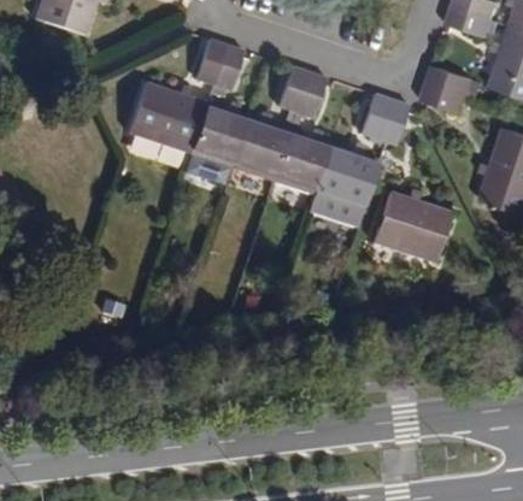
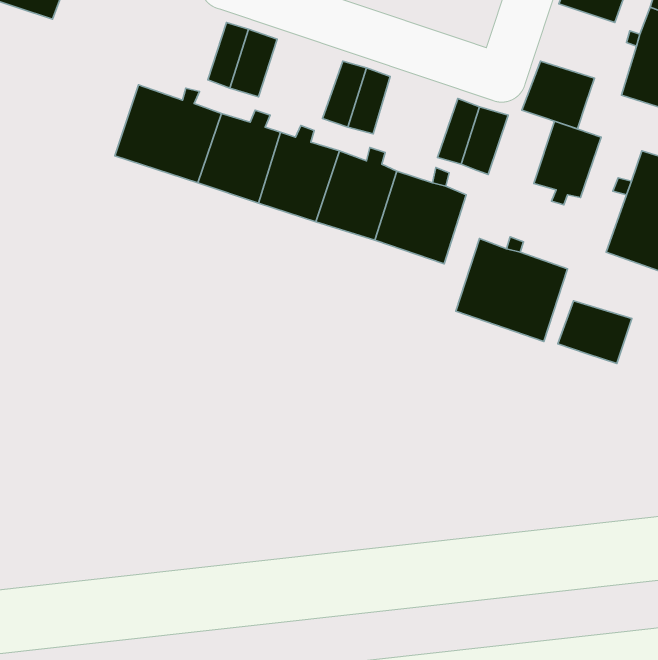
building: none -> [534,121,601,205]
building: none -> [558,301,632,364]

